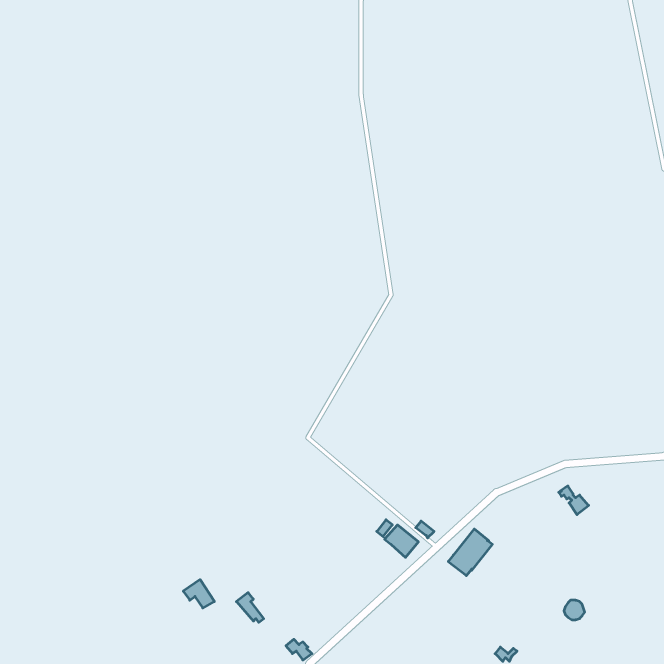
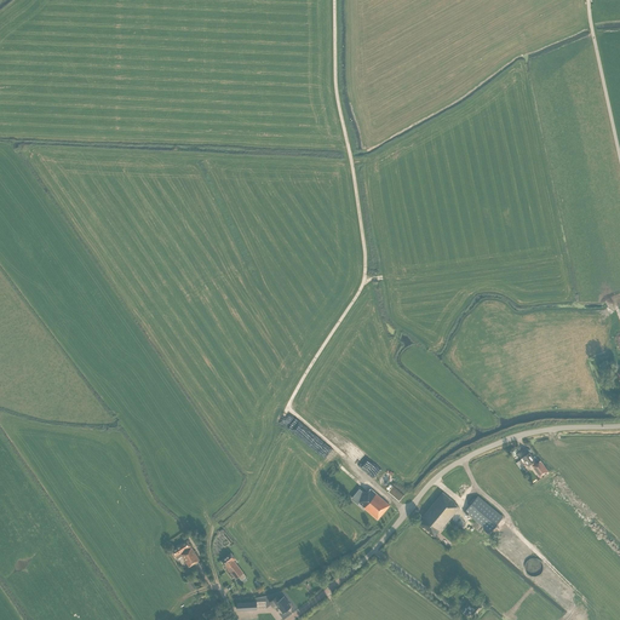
building: none -> [465,496,503,533]

